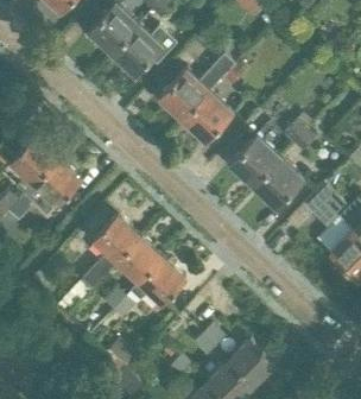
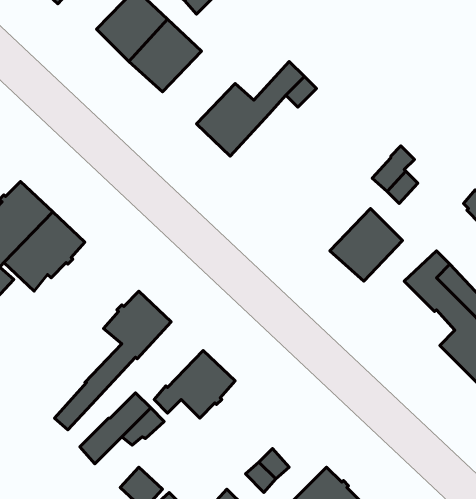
building: [183,91,233,142] -> none
building: [230,137,281,188] -> none
building: [118,238,164,284] -> none

